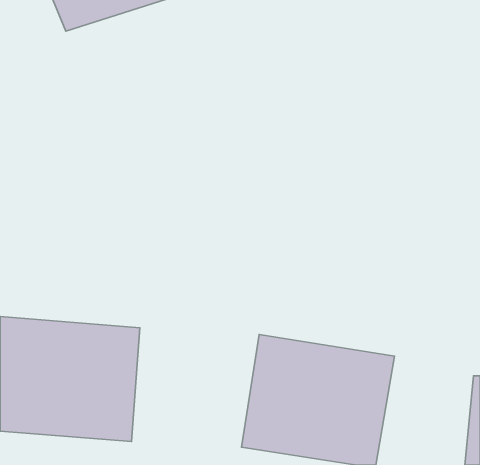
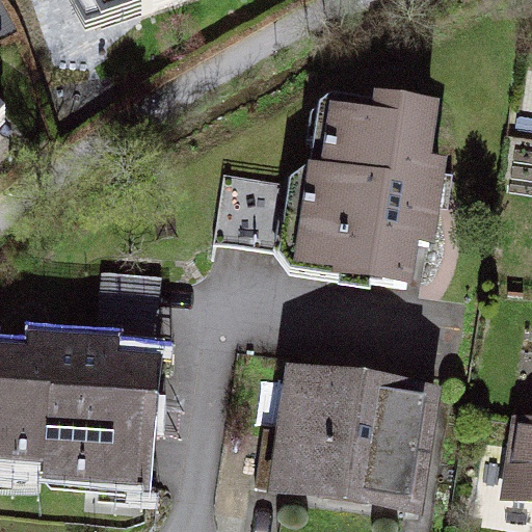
building: none -> [290,102,447,276]

